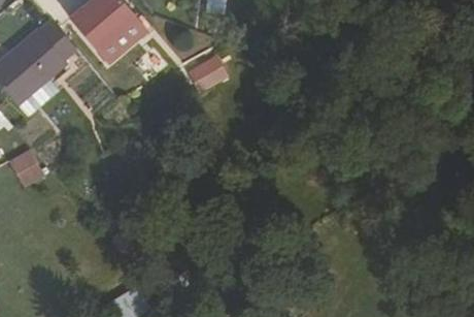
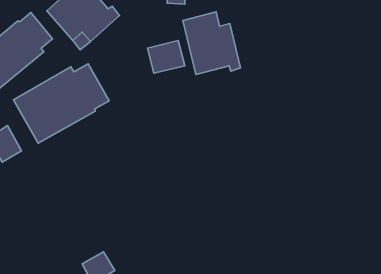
building: none -> [183,12,241,74]
building: none -> [13,64,109,143]

